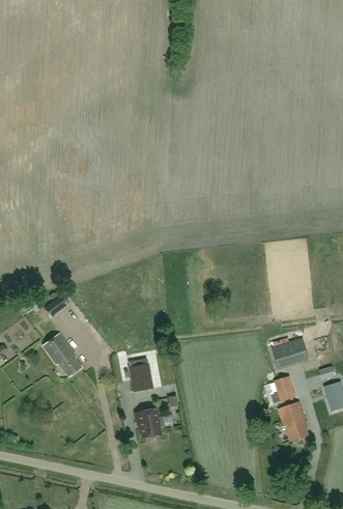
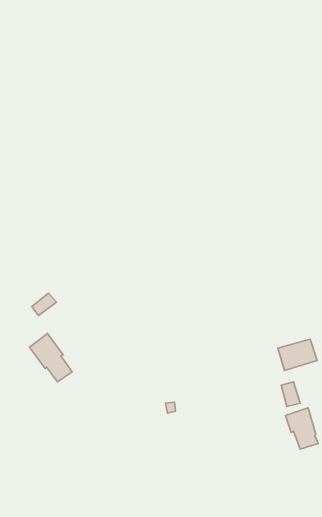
building: [130,364,152,391] -> none
building: [135,408,165,437] -> none

